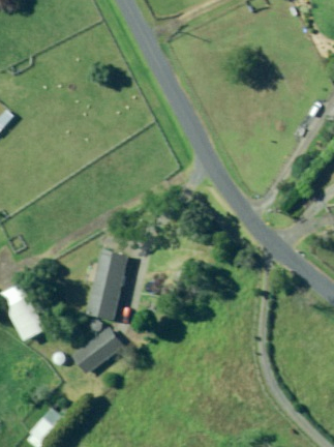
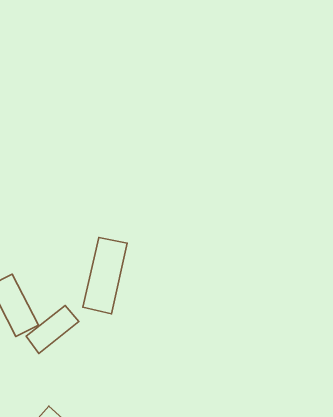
building: [75,329,123,373] -> [26,306,79,353]

